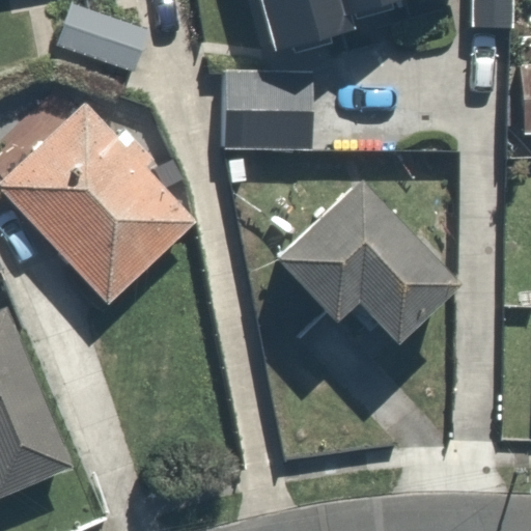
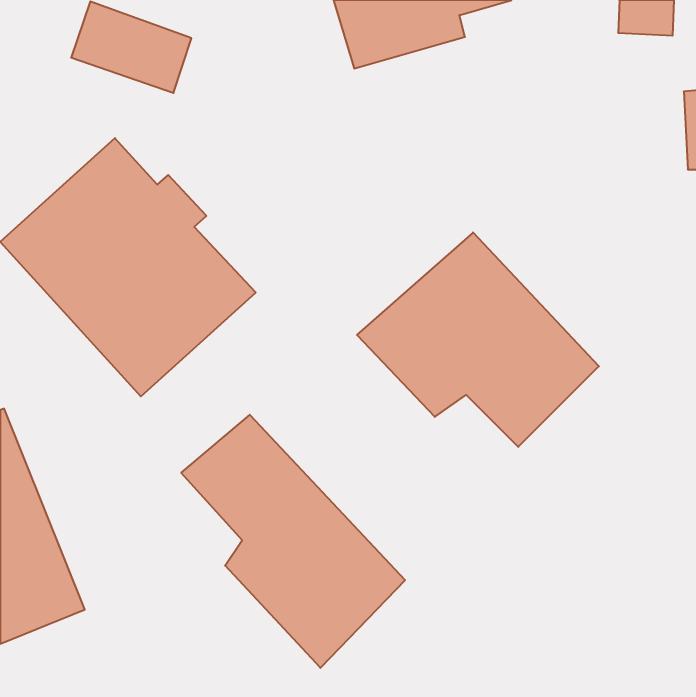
building: [224,72,313,151] -> none
building: none -> [181,415,405,668]

